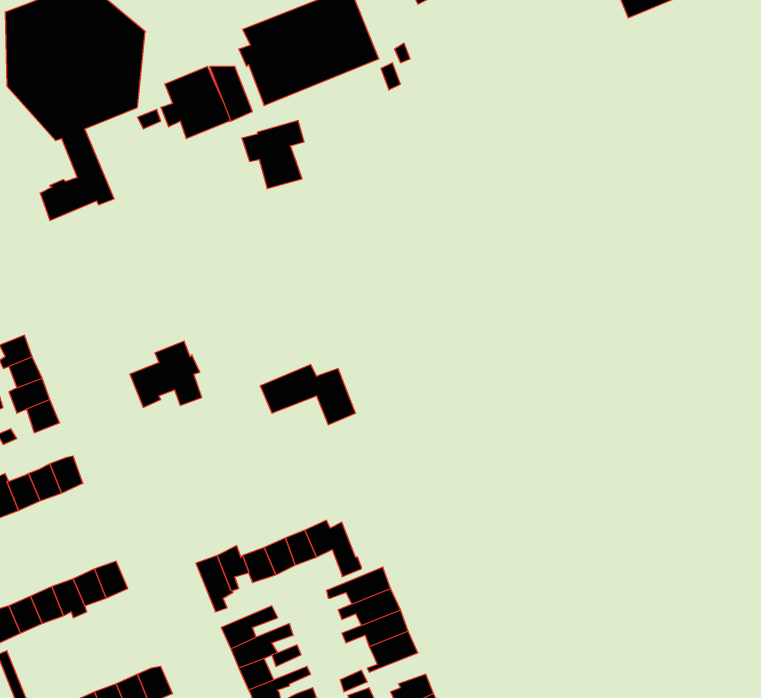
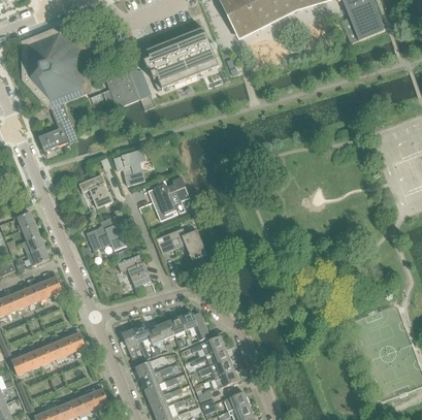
building: [242,120,304,189] -> [113,149,147,185]
building: none -> [78,173,113,207]
building: none -> [148,175,190,220]
building: none -> [118,253,152,287]

